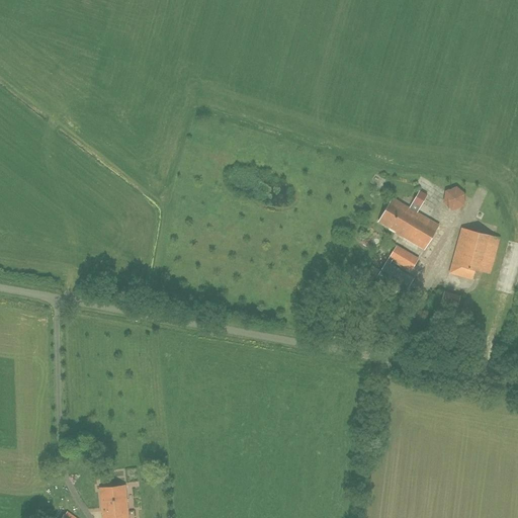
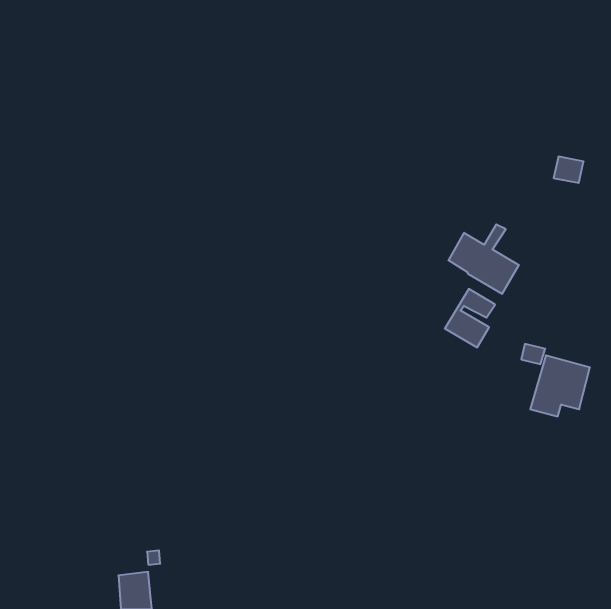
building: [441,185,466,207] -> [554,157,584,183]
building: [449,228,500,279] -> [530,355,590,416]

